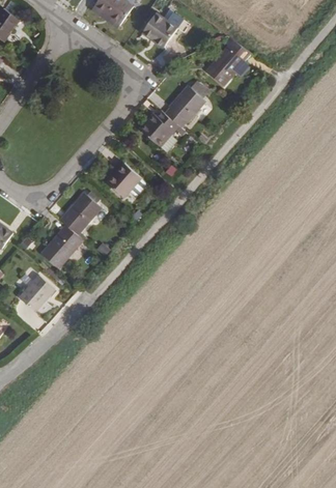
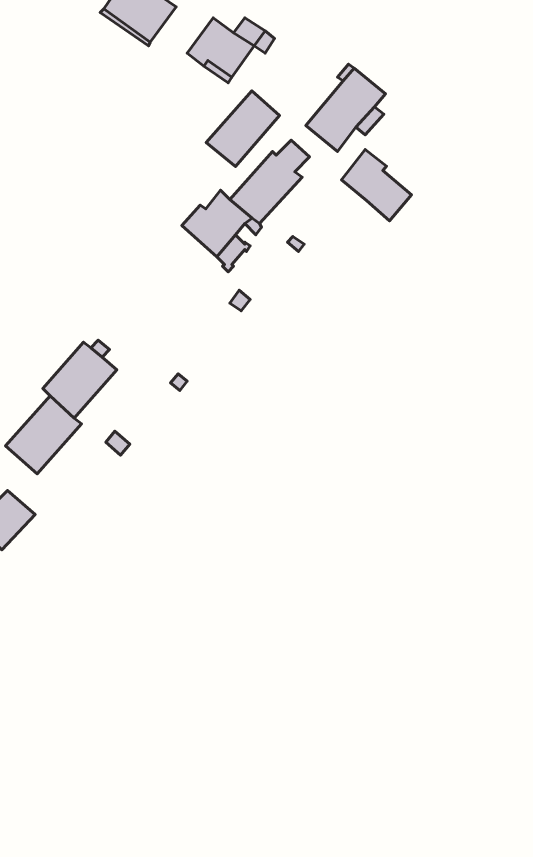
building: none -> [206,91,279,166]
building: none -> [341,149,411,221]
building: [106,163,145,198] -> none

